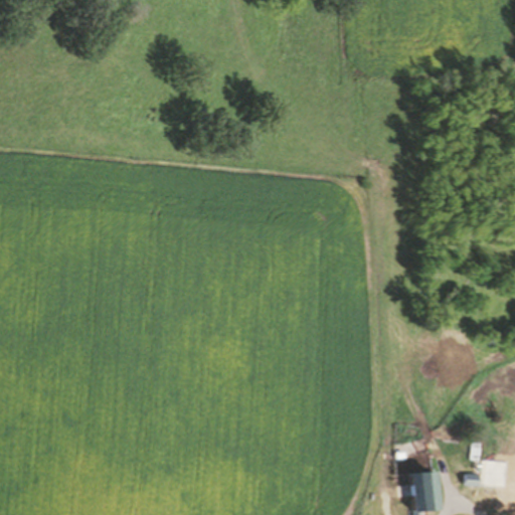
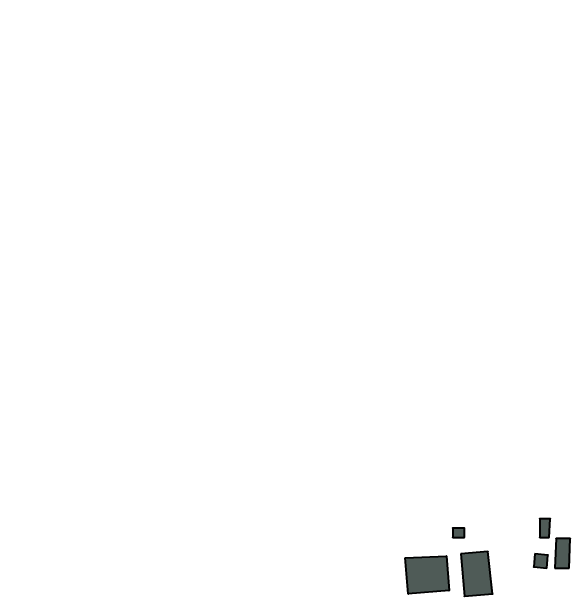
building: none -> [405,556,449,594]

